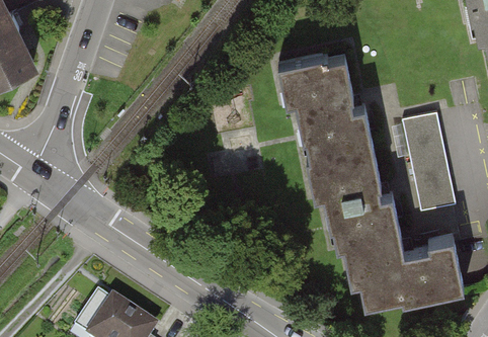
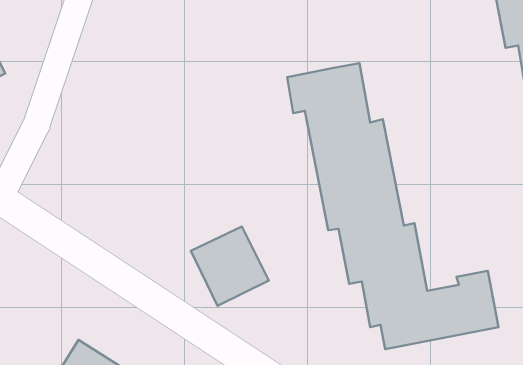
building: [405,107,461,209] -> none
building: none -> [191,226,269,306]

